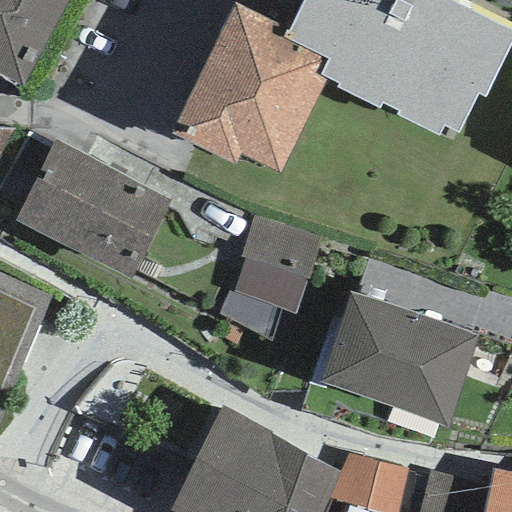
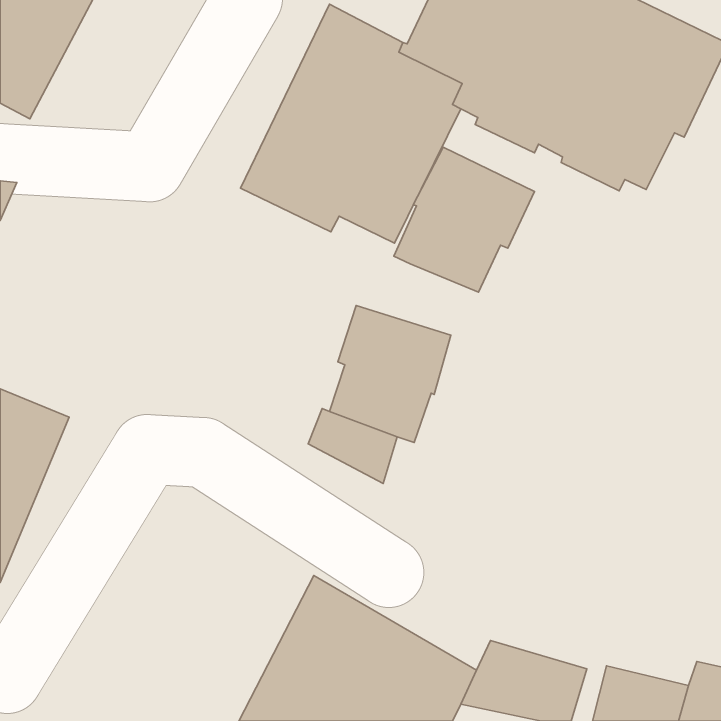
building: none -> [394,147,534,292]
building: [17,141,172,279] -> none
building: [320,291,478,427] -> none

